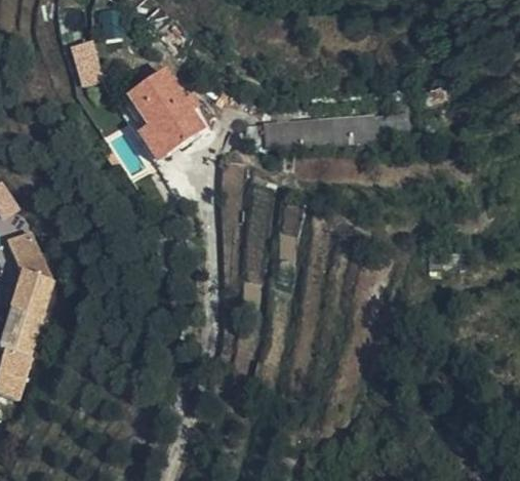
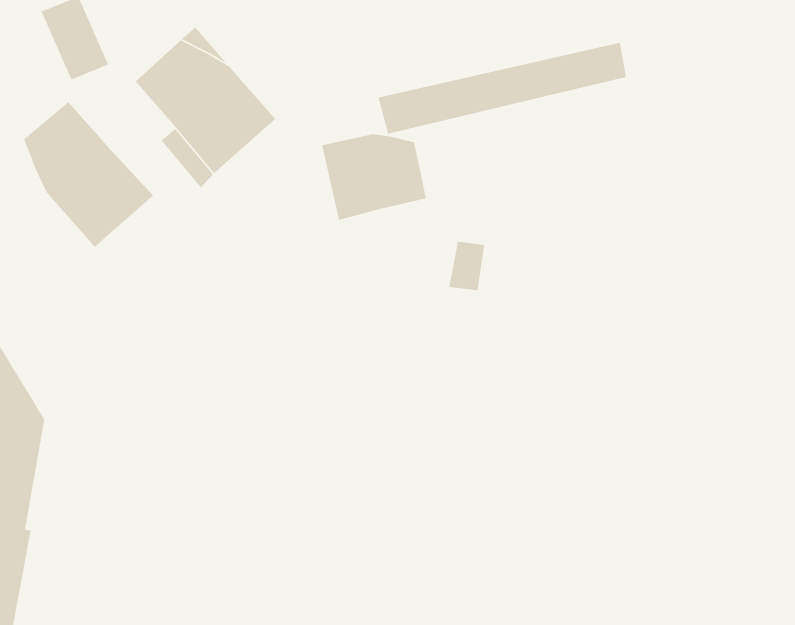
building: none -> [23,101,154,248]
building: none -> [321,133,427,221]

